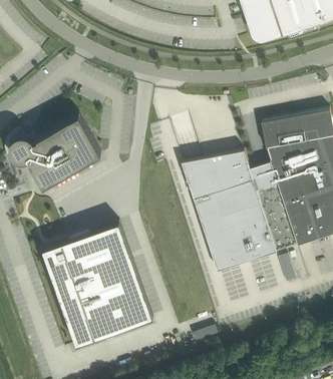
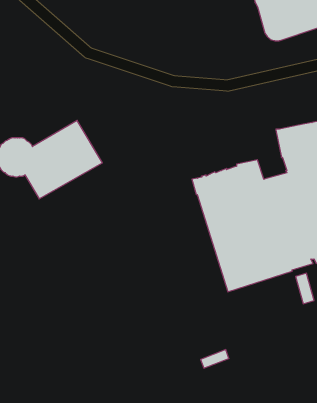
building: [43,224,151,345] -> none

